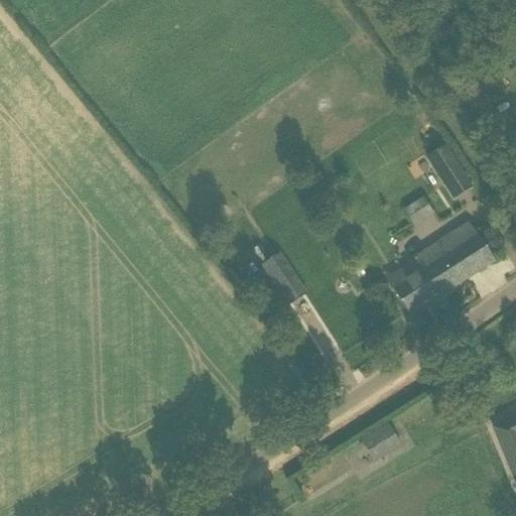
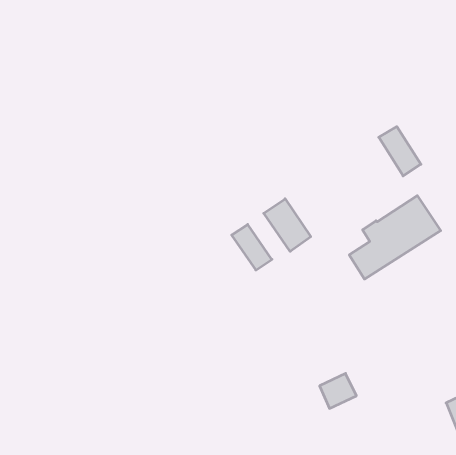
building: none -> [264,199,311,251]

